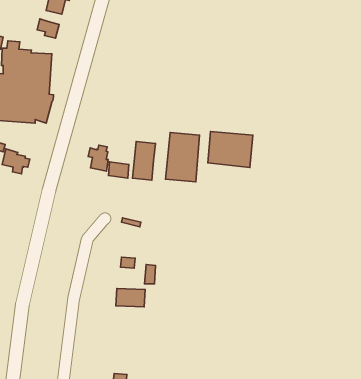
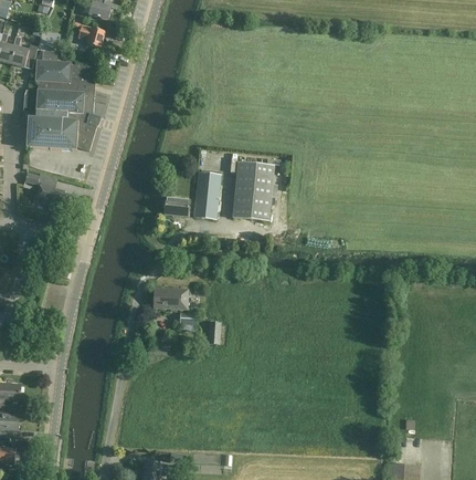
building: [208,132,253,167] -> none
building: [88,145,108,171] -> none
building: [116,289,145,307] -> [152,286,188,309]

